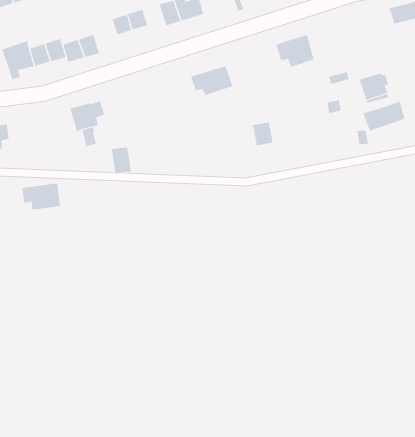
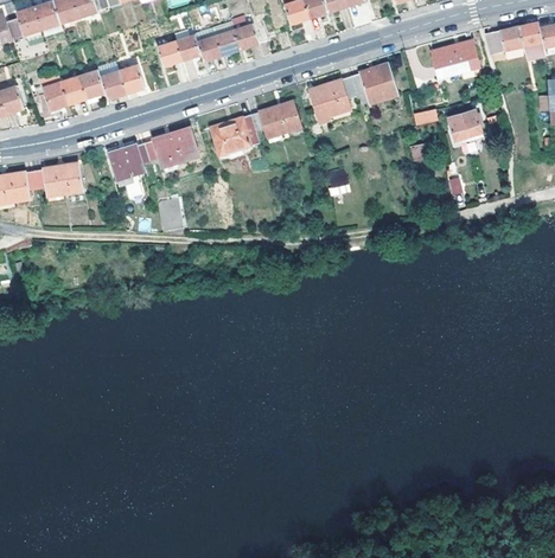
building: none -> [194,30,222,60]
building: none -> [432,41,479,78]
building: none -> [308,77,357,123]
building: none -> [211,115,260,156]
building: none -> [145,128,197,167]
building: [363,101,405,131] -> none
building: [22,183,61,210] -> [34,165,81,197]

